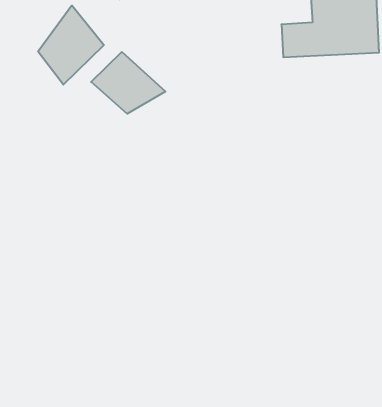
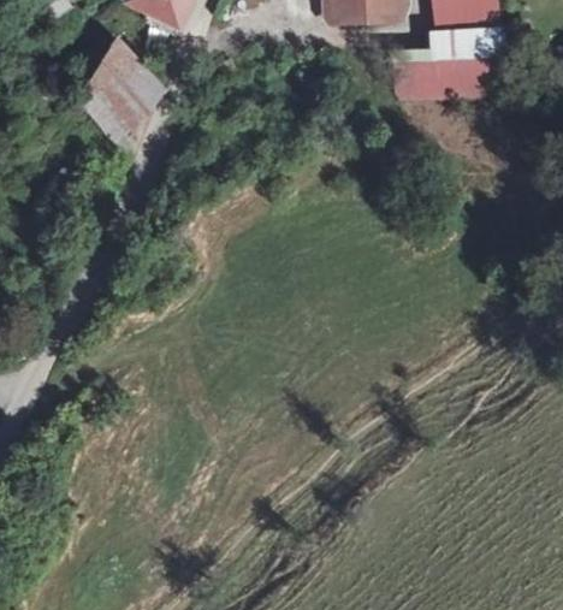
building: [91,52,165,114] -> none

